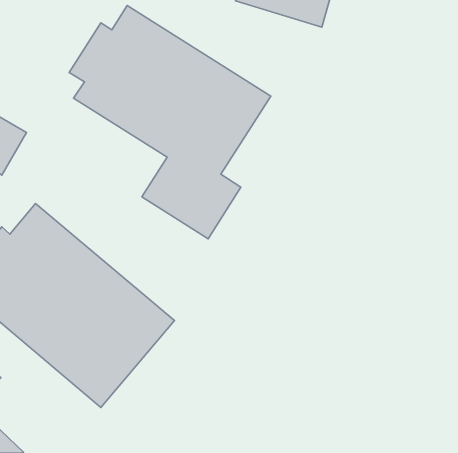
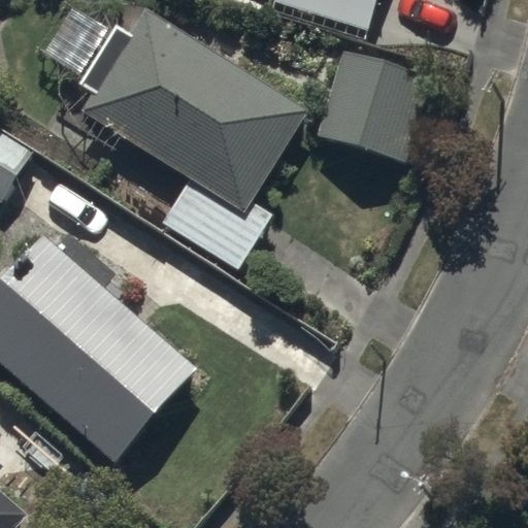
building: none -> [316,47,428,162]

